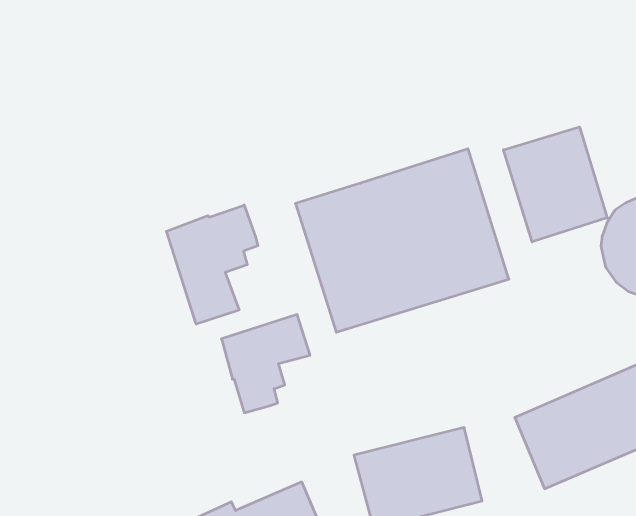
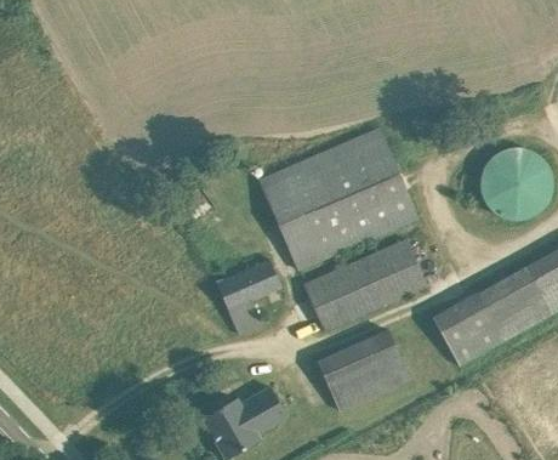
building: [503,127,607,242] -> none
building: [166,205,258,324] -> none
building: none -> [304,239,429,331]

